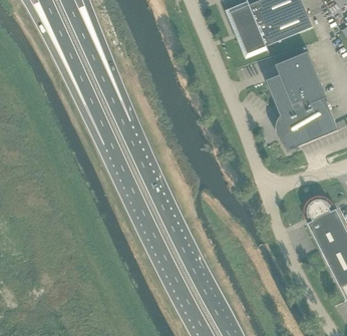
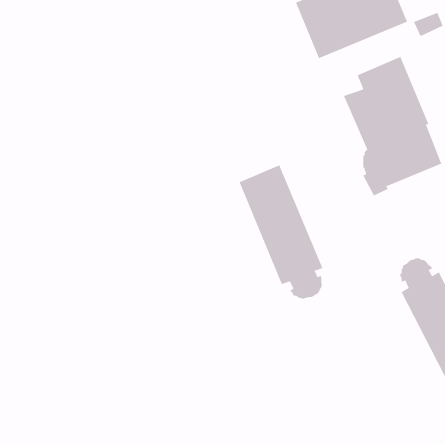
building: none -> [239,164,323,300]

